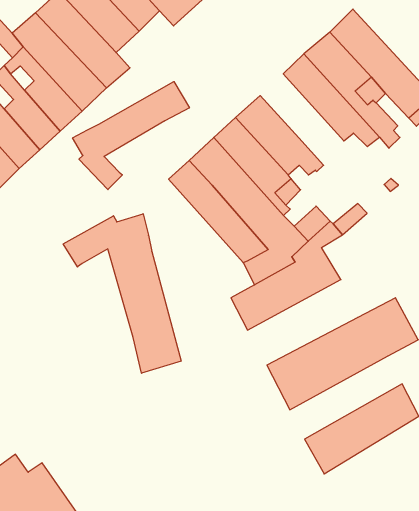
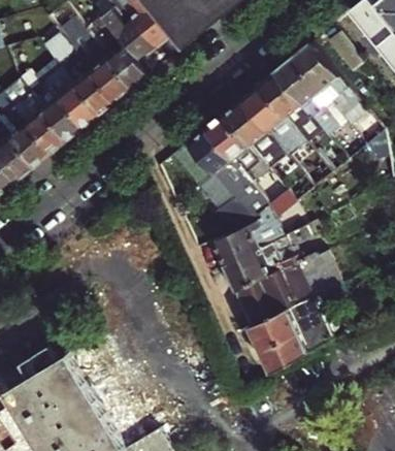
building: none -> [239,86,299,144]
building: [73,82,189,190] -> none
building: [63,214,181,373] -> none
building: none -> [220,229,306,293]
building: none -> [246,292,328,348]

